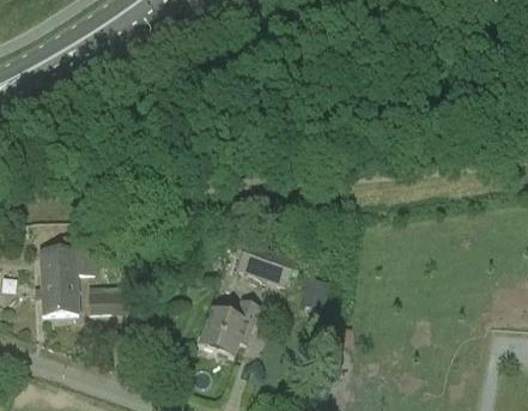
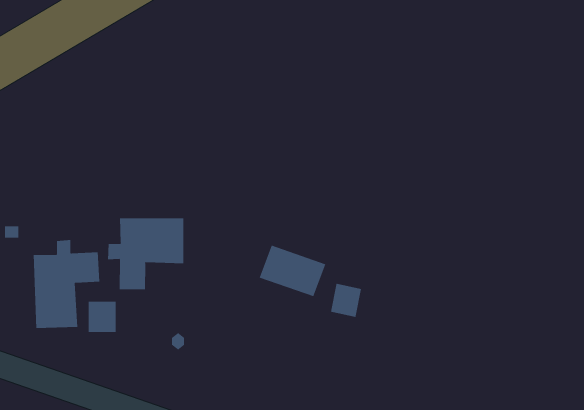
building: none -> [108,218,184,290]
building: [199,298,260,356] -> none

